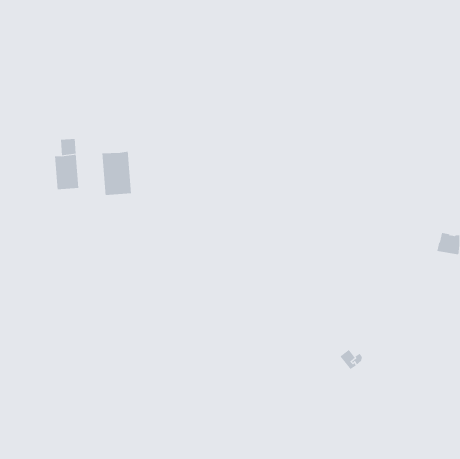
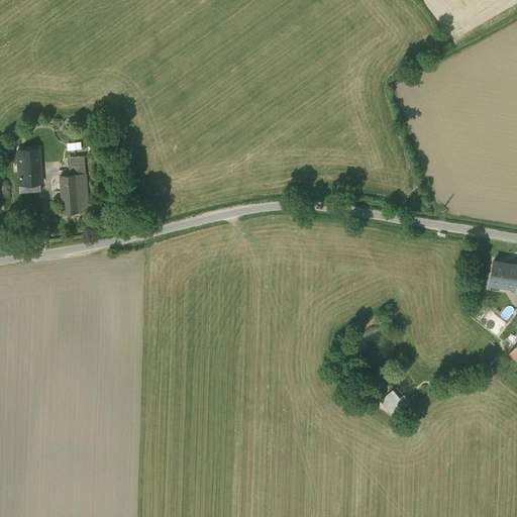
building: none -> [18,149,41,193]
building: [102,151,132,196] -> none

